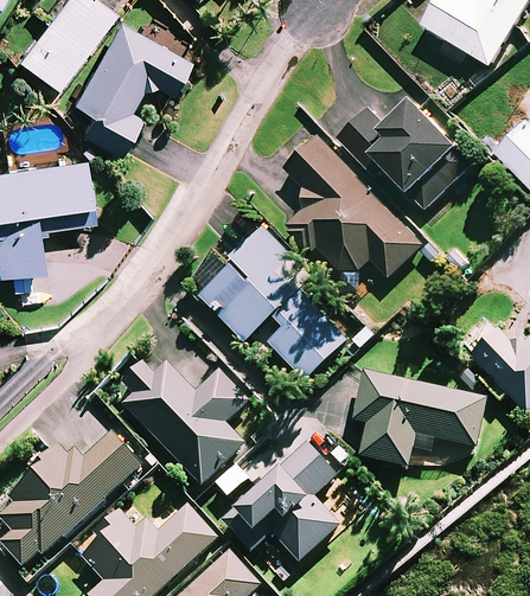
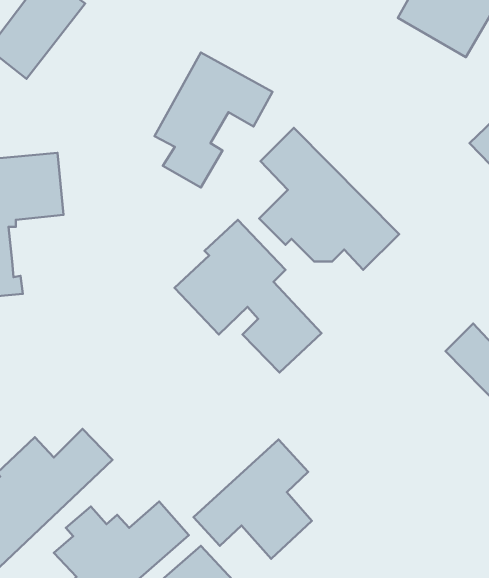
building: [71,19,189,153] -> [154,52,273,187]
building: [338,102,473,209] -> none
building: [122,363,251,486] -> none
building: [353,372,486,467] -> none

